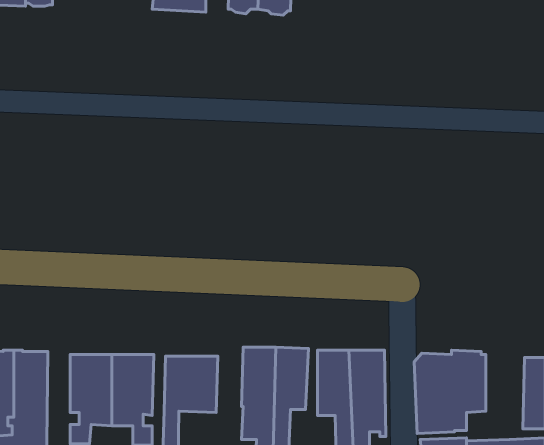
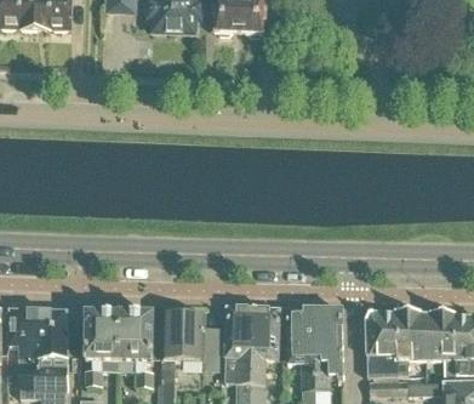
building: none -> [424,311,456,372]

